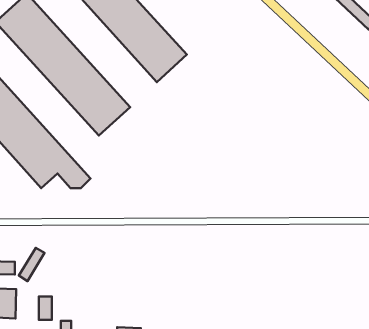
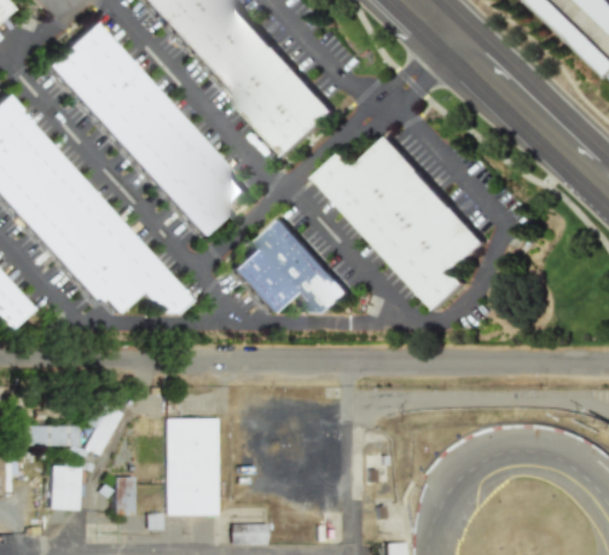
building: none -> [319,141,487,312]
building: none -> [236,222,353,316]
building: none -> [167,418,219,515]

